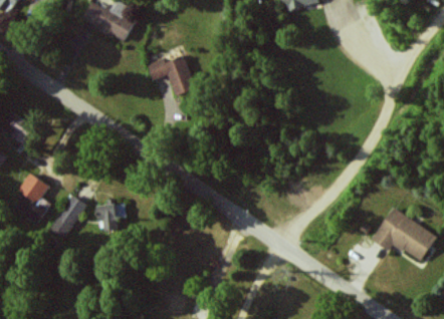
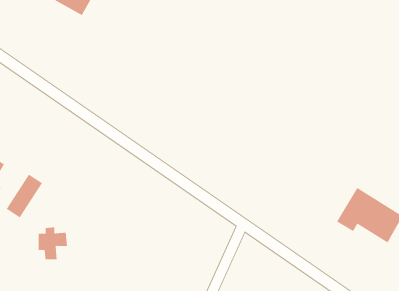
building: [149,55,198,96] -> none
building: [97,199,127,231] -> [38,227,68,260]

